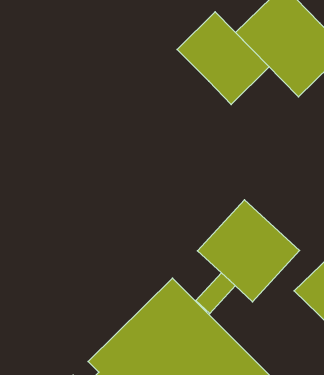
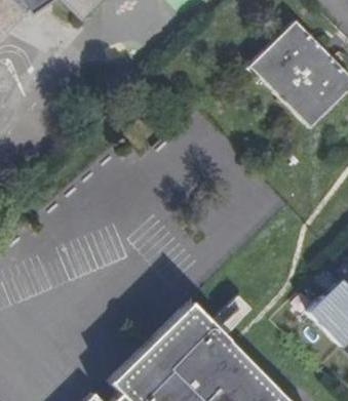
building: [177,12,269,105] -> none
building: [198,200,299,302] -> none

